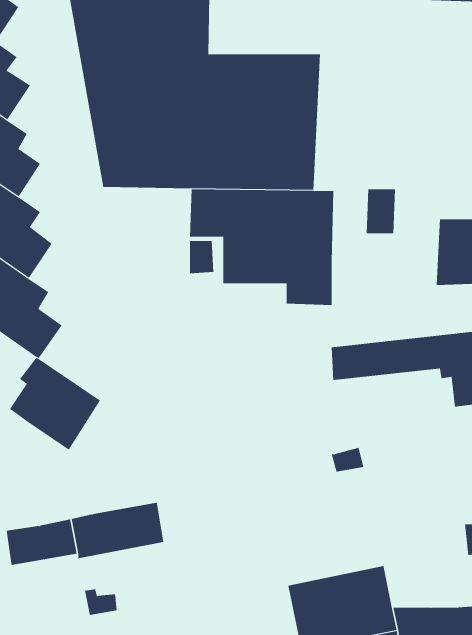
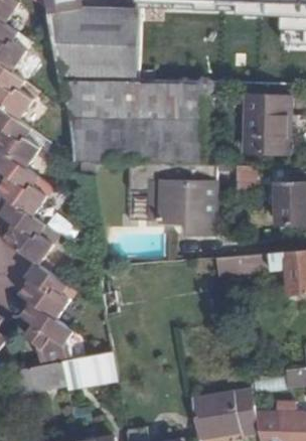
building: none -> [246,93,291,150]
building: none -> [24,302,73,364]

